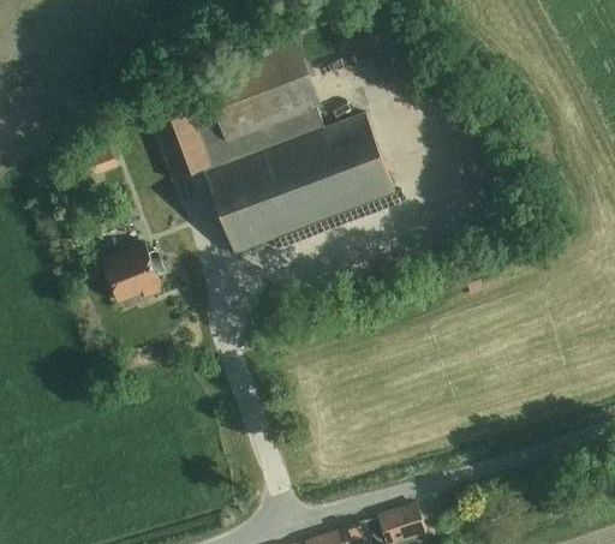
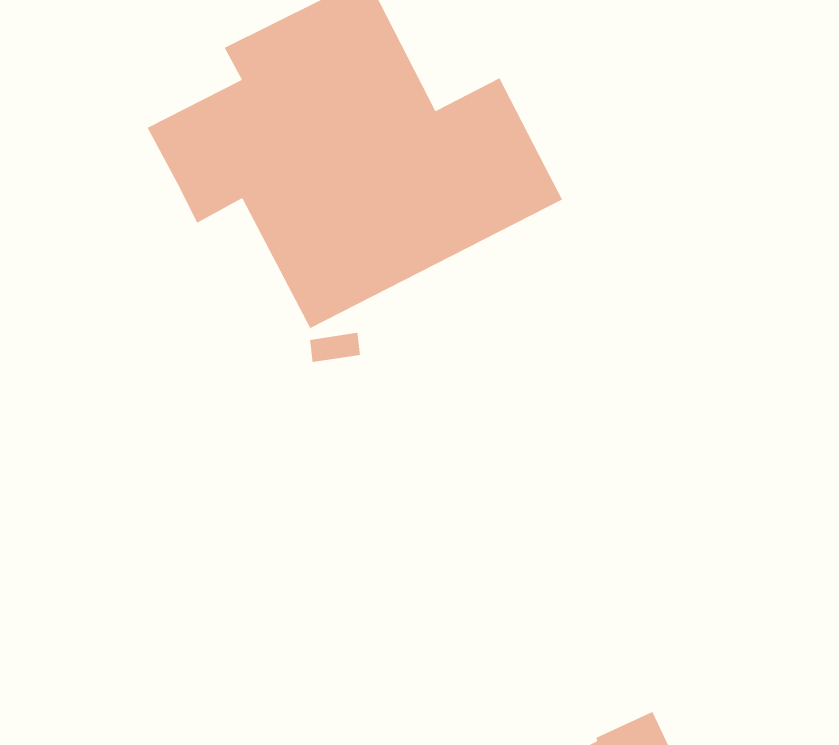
building: [103,249,166,303] -> none

